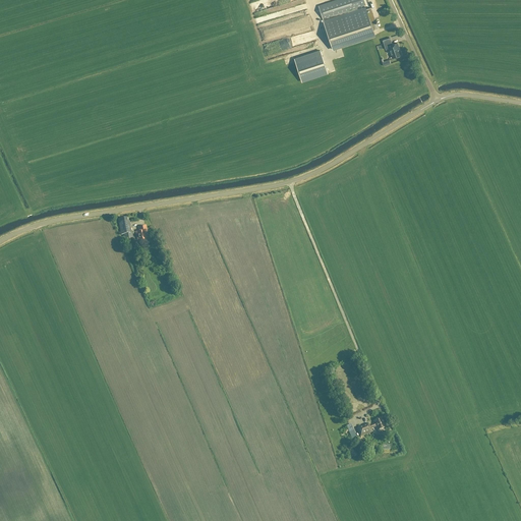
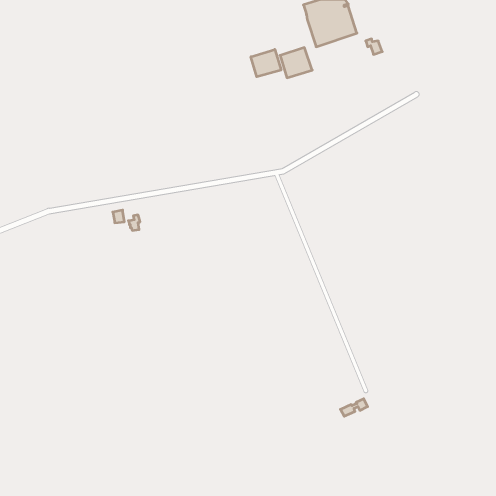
building: none -> [251,49,281,77]

